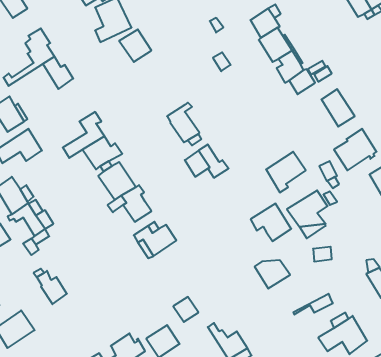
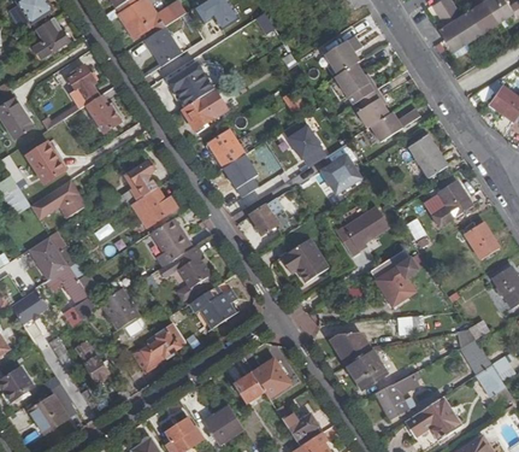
building: none -> [185,84,231,127]
building: none -> [288,116,329,166]
building: none -> [208,128,249,168]
building: none -> [320,154,360,194]
building: [251,204,291,241] -> [281,237,328,281]
building: none -> [100,288,138,329]
building: none -> [131,319,184,372]
building: none -> [346,348,385,388]
building: none -> [253,359,290,399]
building: none -> [376,383,406,418]

